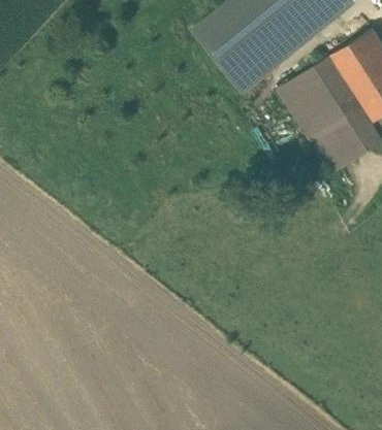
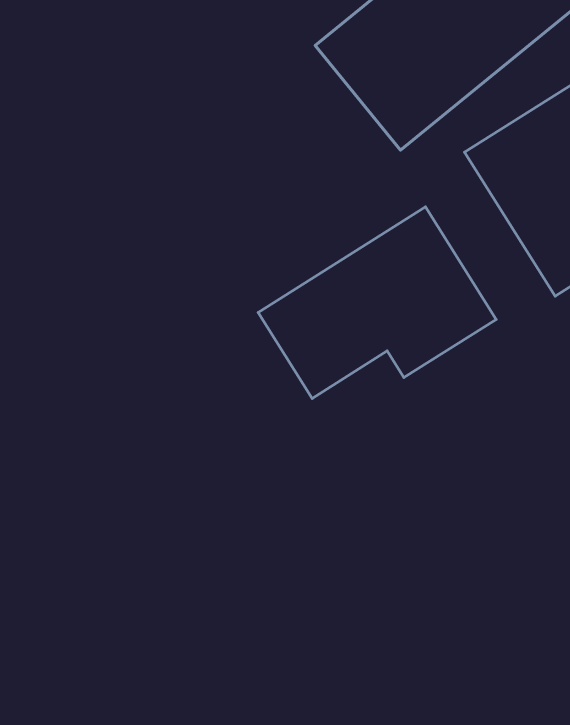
building: none -> [258,207,496,398]

